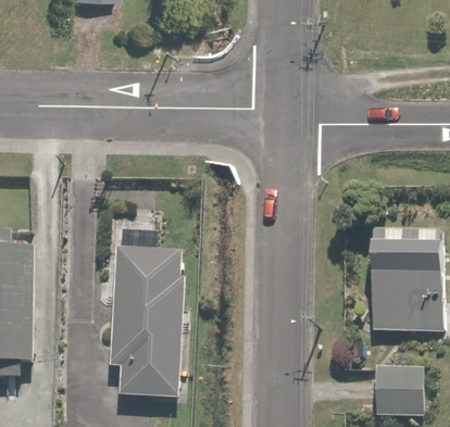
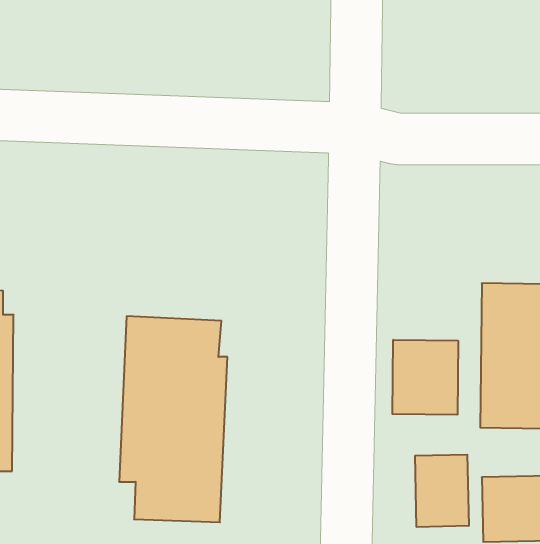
building: none -> [392,340,458,415]
building: none -> [415,455,469,527]

